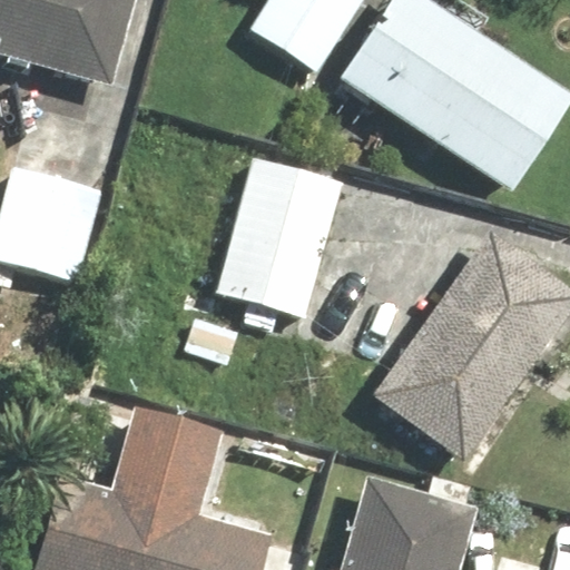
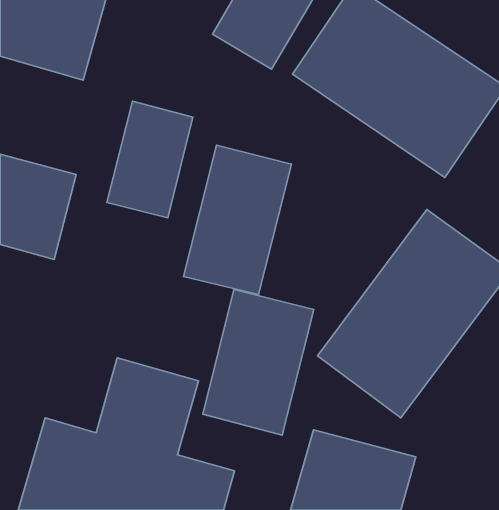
building: none -> [107,101,193,218]
building: none -> [203,289,314,435]

